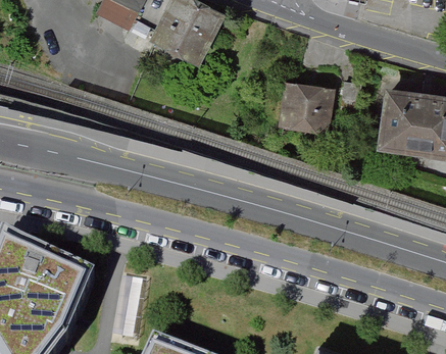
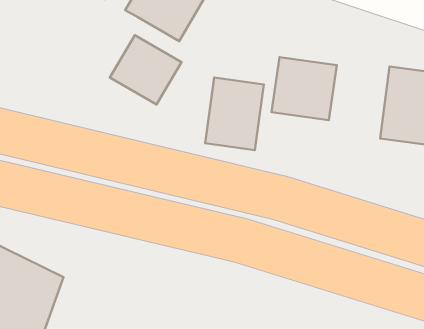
building: none -> [110,35,181,105]
building: none -> [205,77,264,150]

